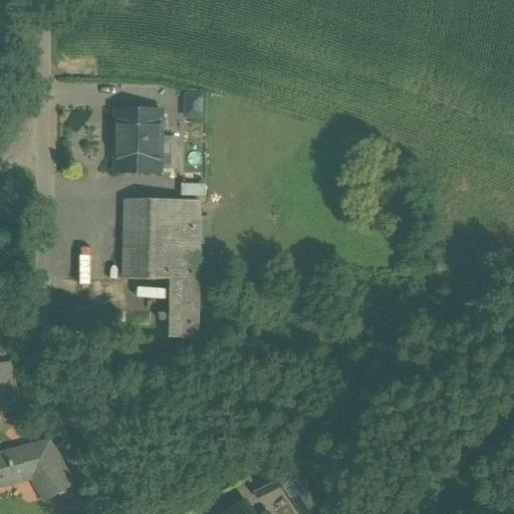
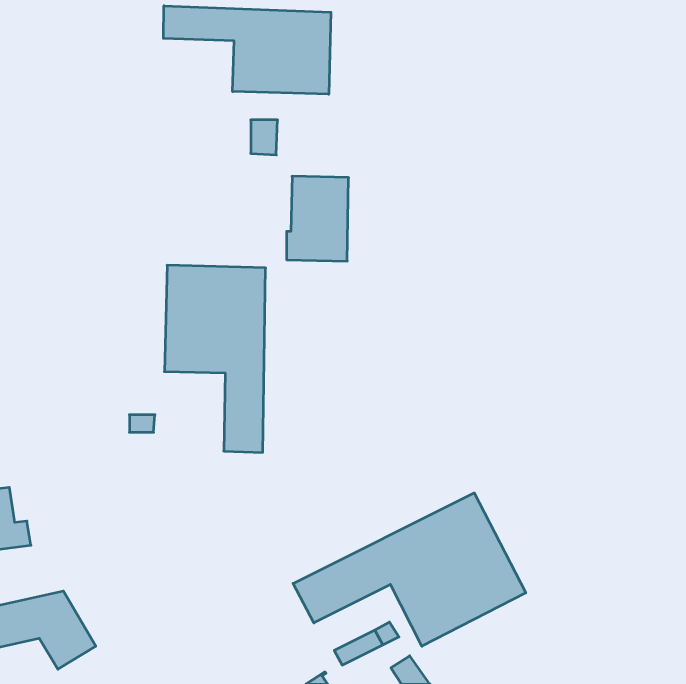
building: none -> [163,6,331,94]
building: [113,108,160,172] -> [287,176,349,261]
building: none -> [293,493,526,646]

